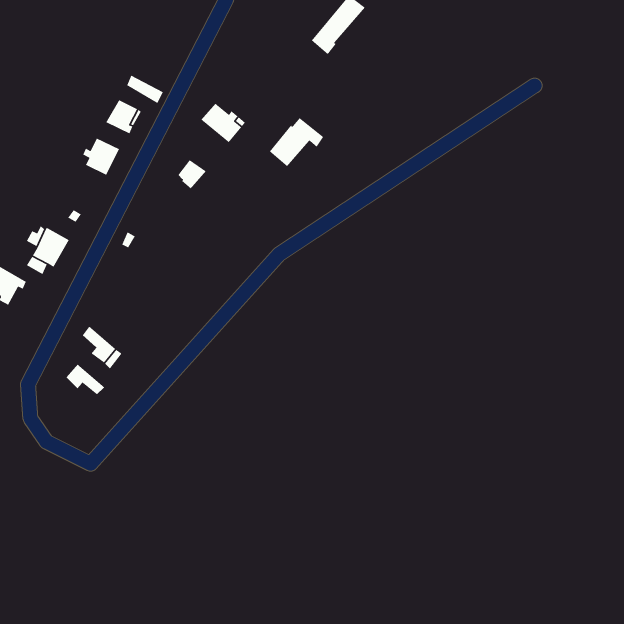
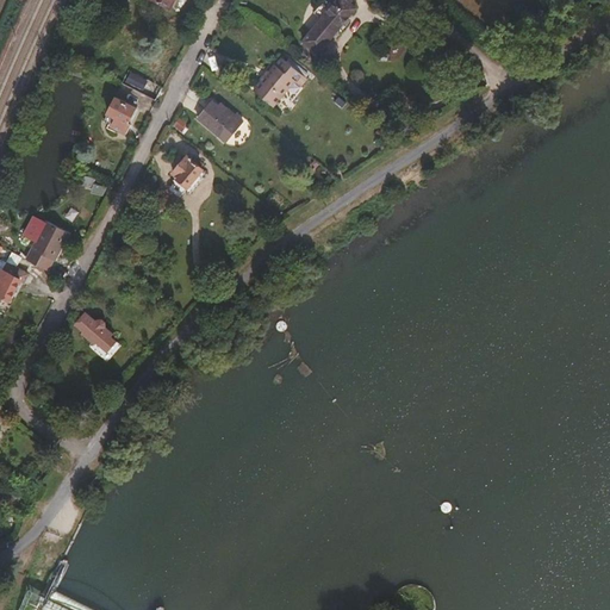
building: [269,117,324,167] -> [253,56,306,105]
building: [82,137,120,176] -> none
building: [66,363,105,395] -> none

